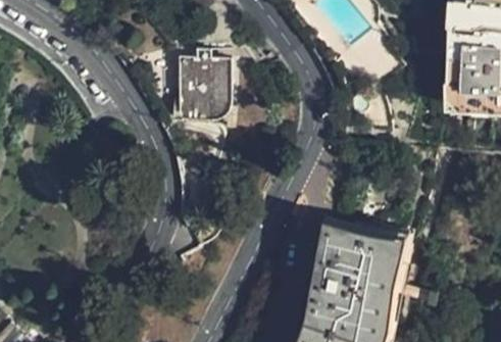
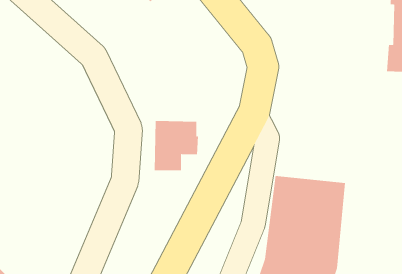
building: [178,57,229,114] -> [154,121,199,171]

